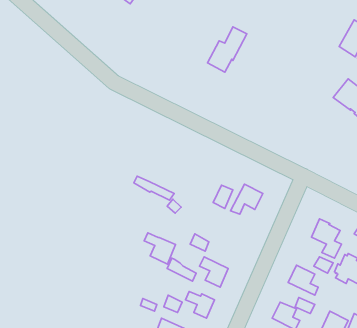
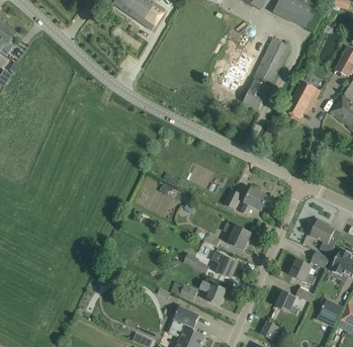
building: none -> [243,37,288,108]
building: none -> [284,80,320,118]
building: [144,233,175,264] -> [223,223,250,250]

